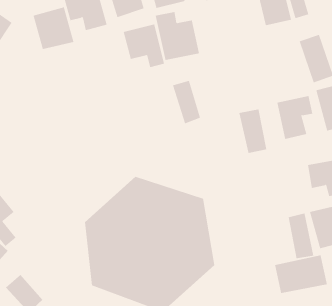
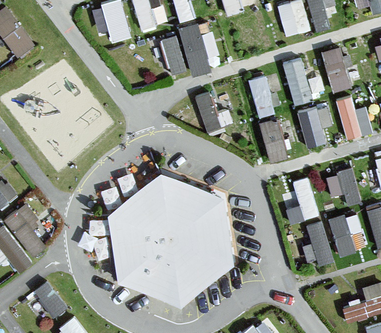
building: [33,7,74,50] -> none
building: none -> [281,57,314,105]
building: none -> [248,71,281,116]
building: none -> [284,176,320,224]
building: [274,255,328,294] -> none

